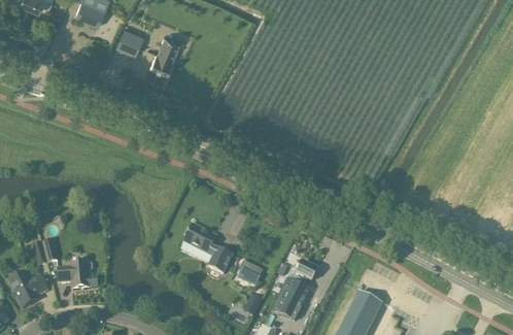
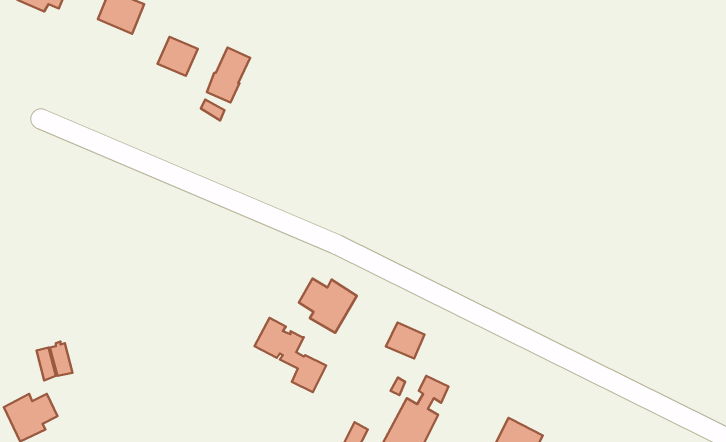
building: none -> [299,279,357,333]
building: [237,259,264,283] -> [386,323,425,358]
building: [58,260,98,287] -> none

